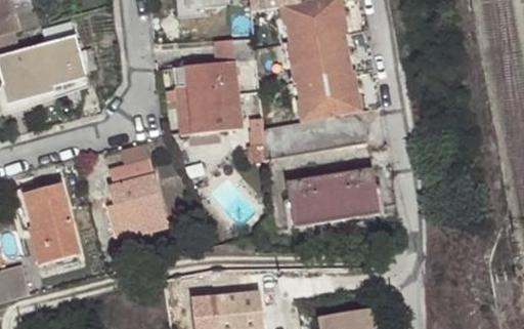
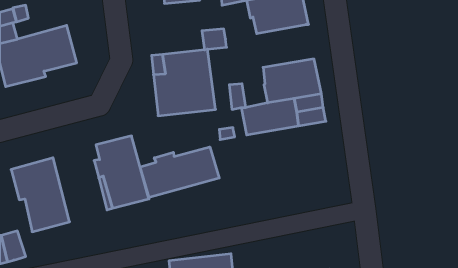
building: [283,32,351,81] -> none
building: [287,168,379,225] -> none
building: none -> [140,147,219,197]

